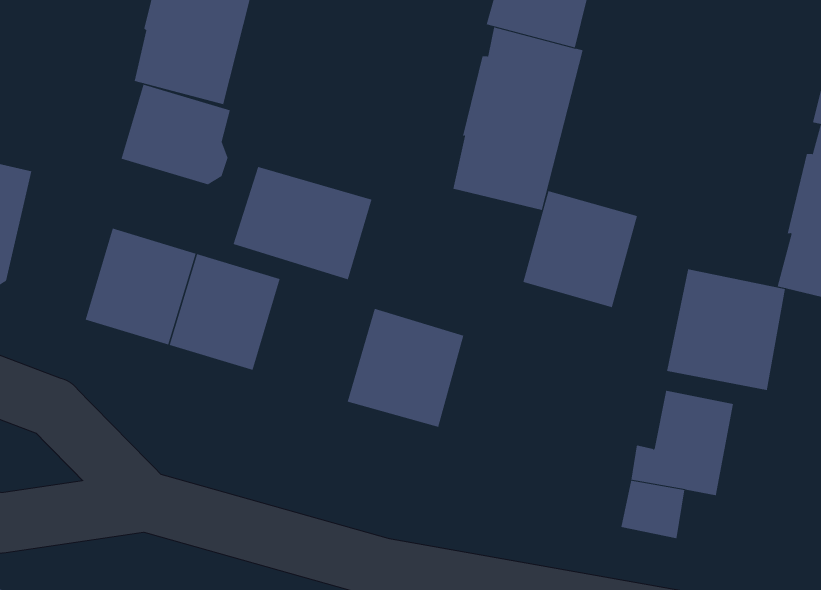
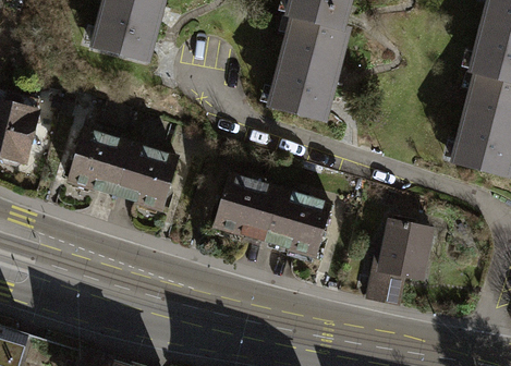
building: [121,84,231,185] -> none
building: [233,166,372,280] -> none
building: [522,190,638,308] -> [265,191,329,256]
building: [667,268,786,391] -> none

